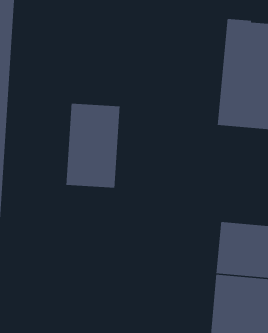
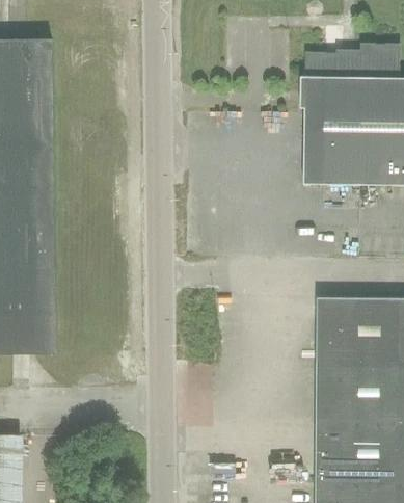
building: [65,103,121,189] -> none

